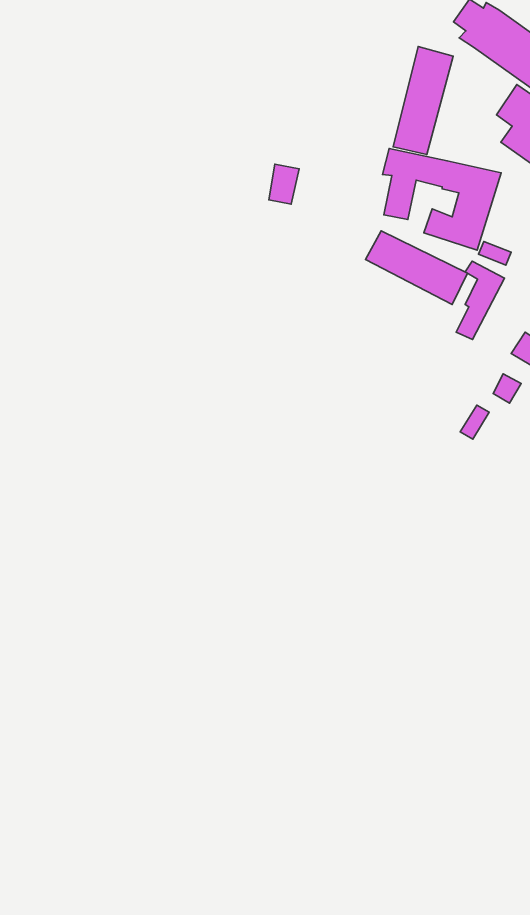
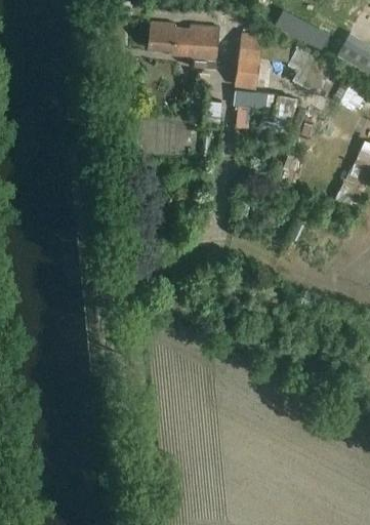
building: none -> [148,22,217,68]
building: [366,231,467,305] -> none

